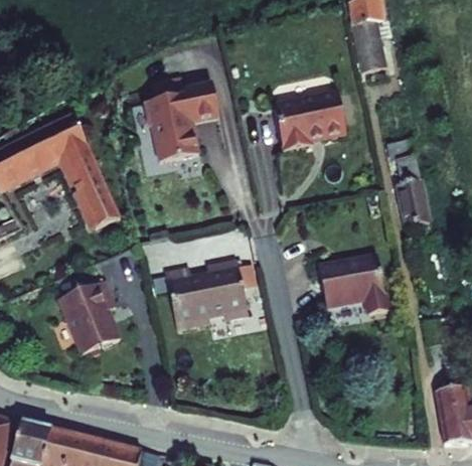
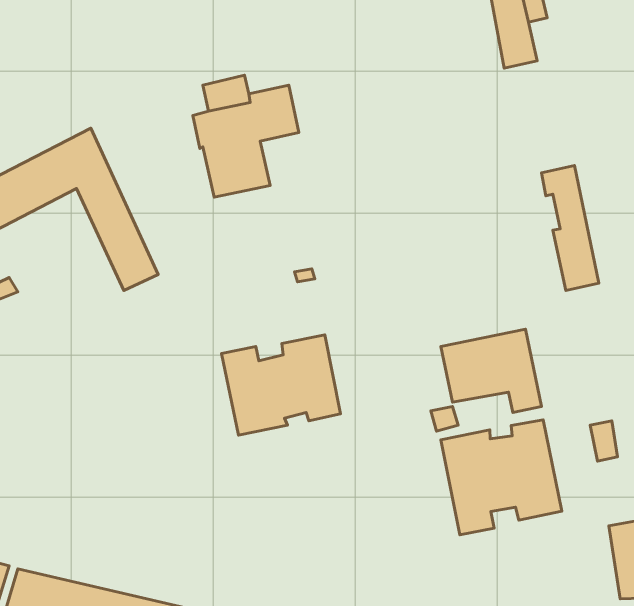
building: [275,93,346,152] -> none
building: [58,280,120,354] -> none
building: none -> [441,420,562,535]

